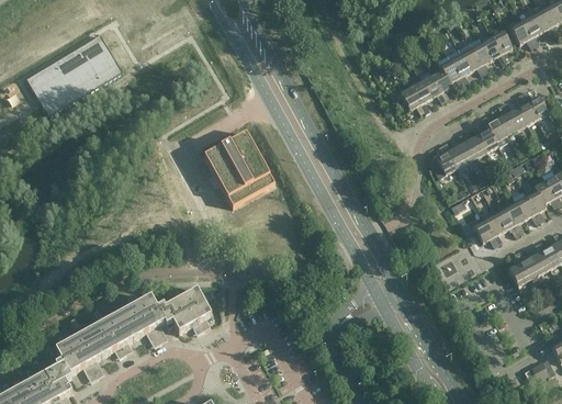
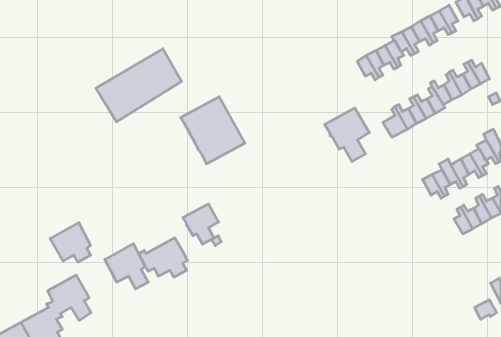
building: [26,33,122,114] -> [96,49,182,122]
building: none -> [325,108,369,162]
building: none -> [183,204,219,244]
building: [88,312,133,356] -> [50,223,91,262]

